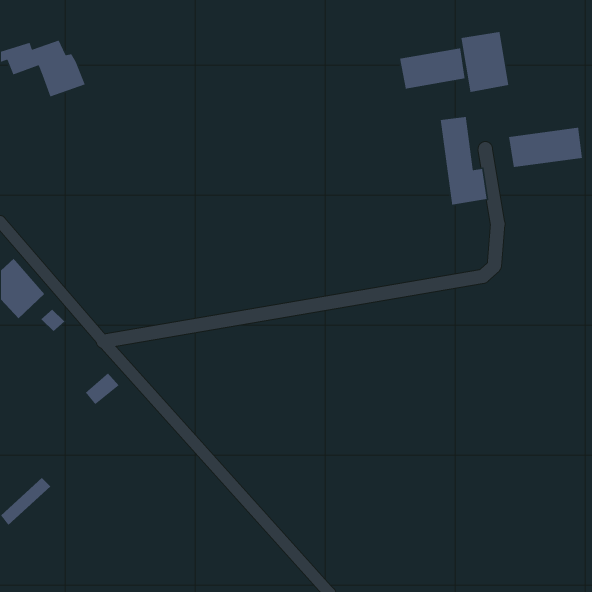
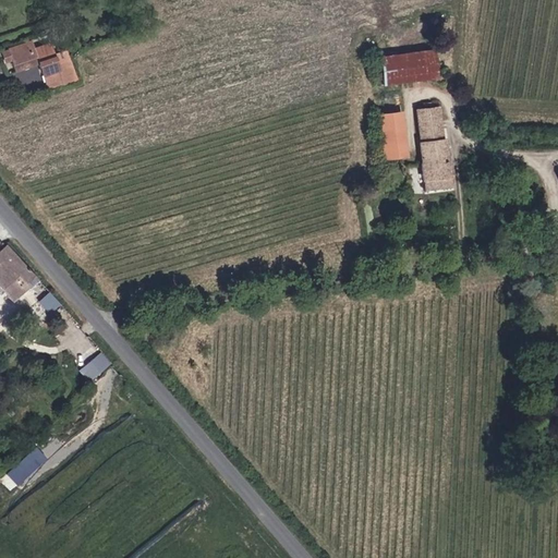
building: [460,31,509,93] -> none
building: none -> [378,110,408,160]
building: [508,127,583,168] -> none

